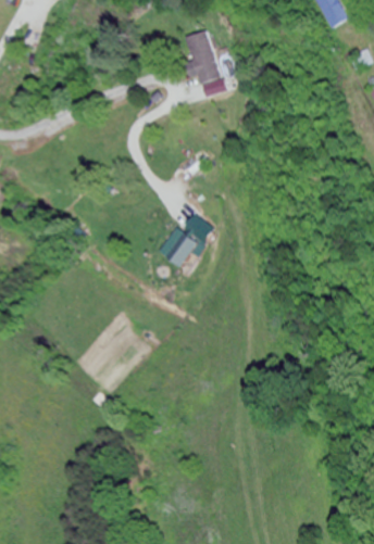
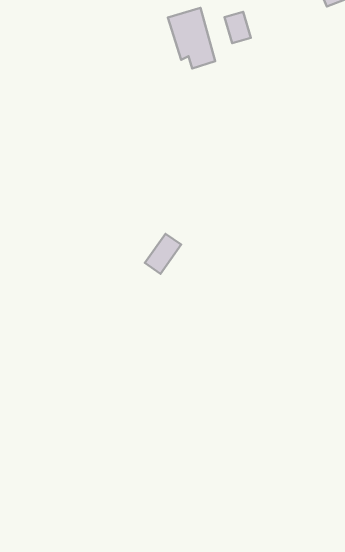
building: none -> [224,12,251,43]

